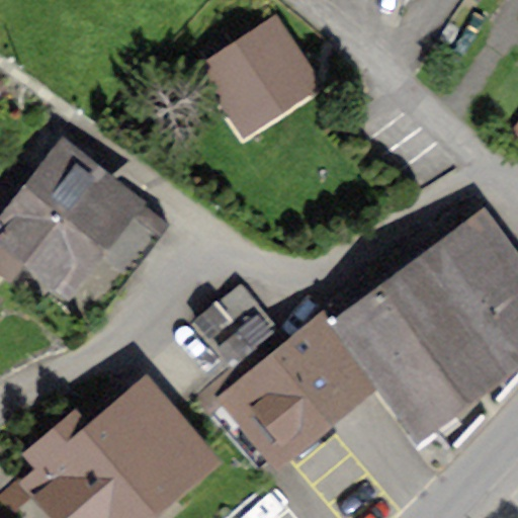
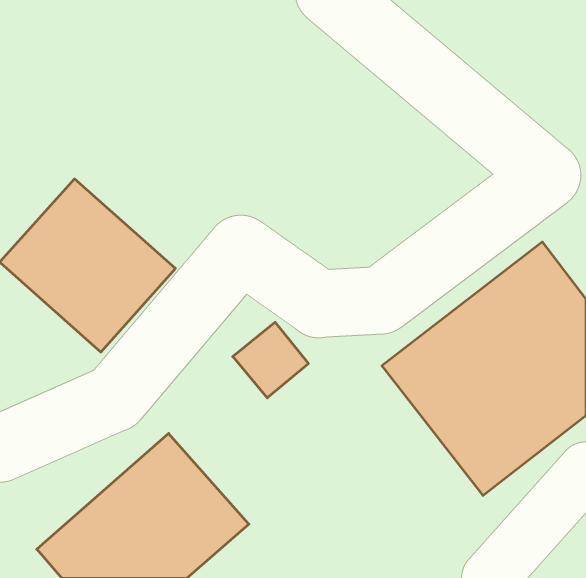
building: [197,16,319,134] -> none
building: [215,308,367,454] -> none

